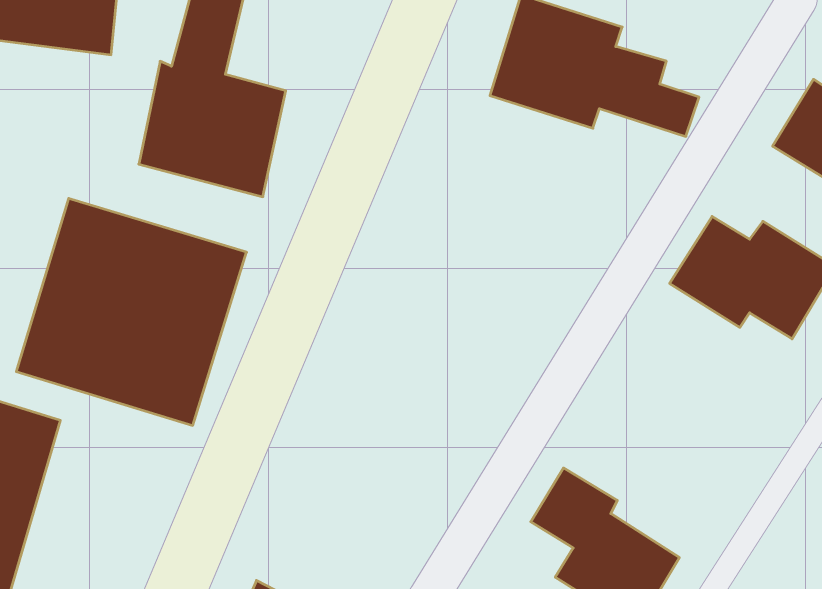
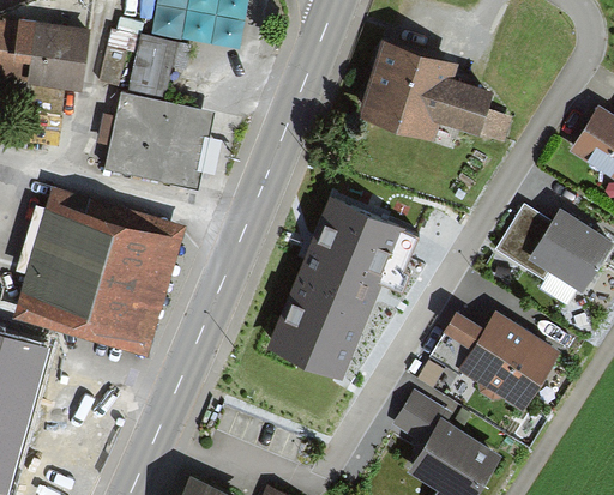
building: none -> [267,199,420,379]
building: none -> [431,309,559,411]

